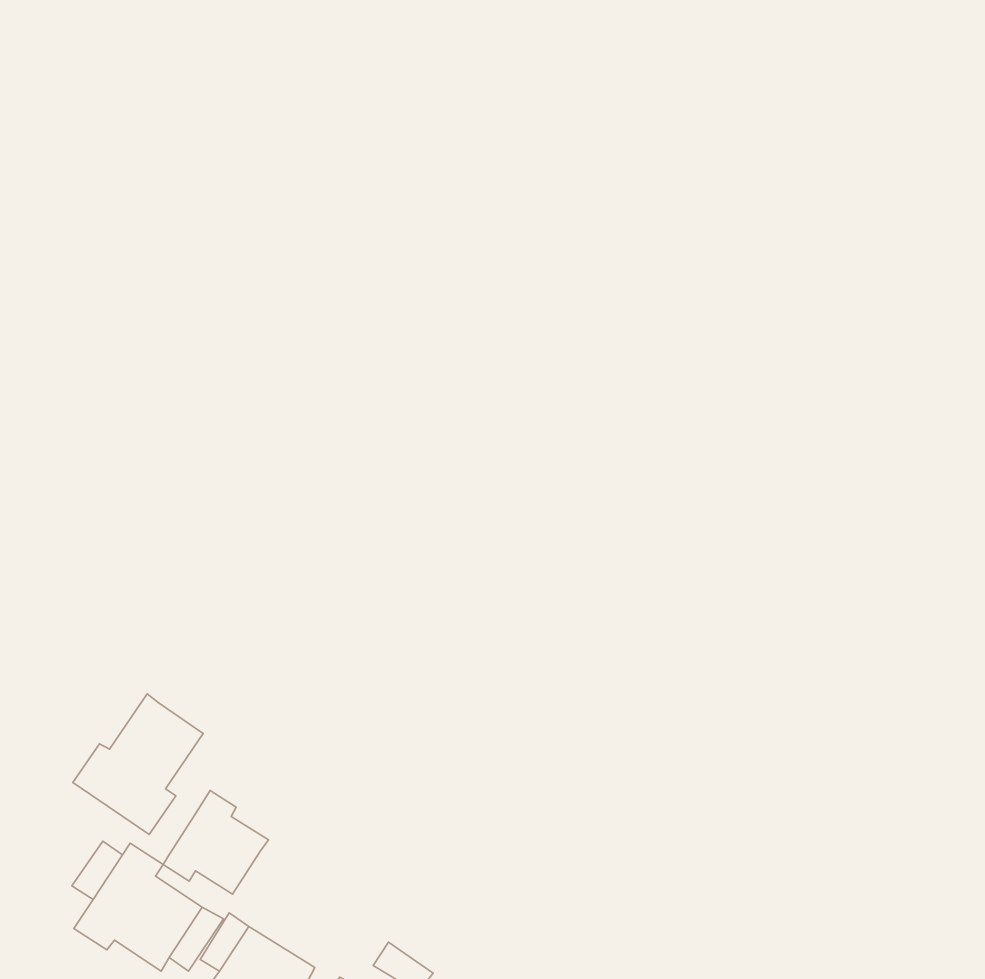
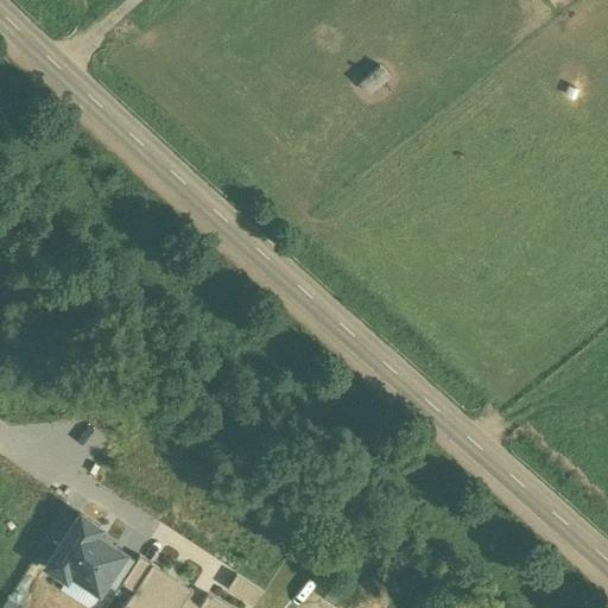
building: [73,694,203,834] -> none
building: [163,790,268,894] -> none

